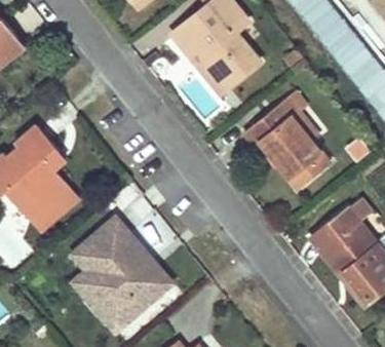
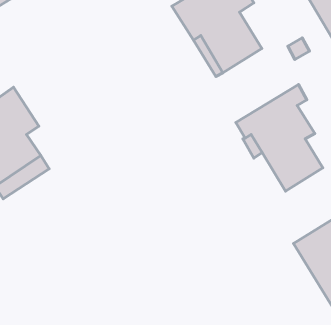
building: [73,218,172,317] -> none

